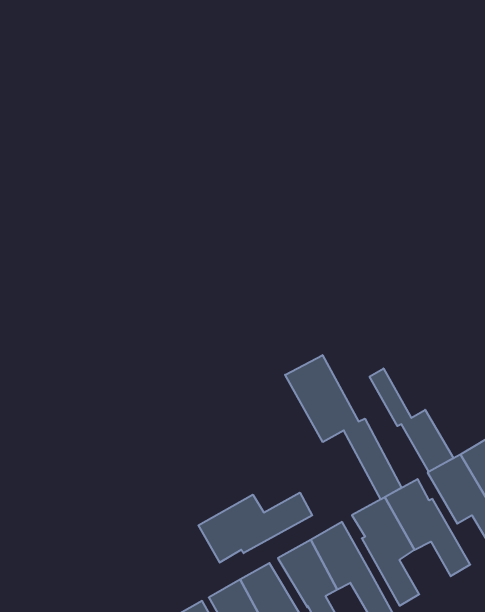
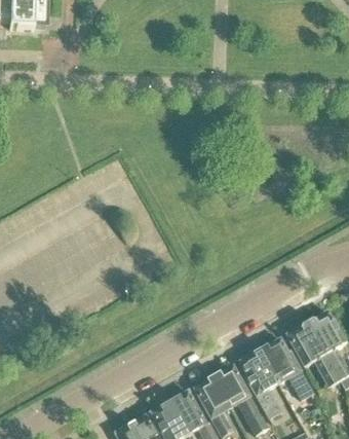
building: [285,355,402,499] -> none
building: [370,368,454,472] -> none
building: [198,493,312,563] -> none

